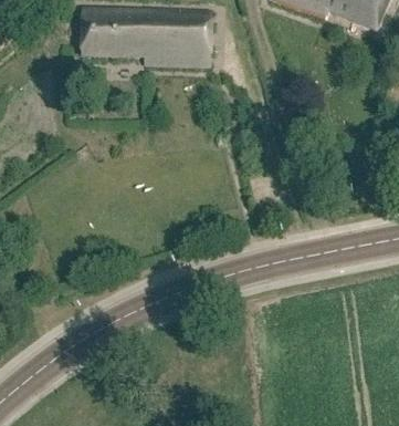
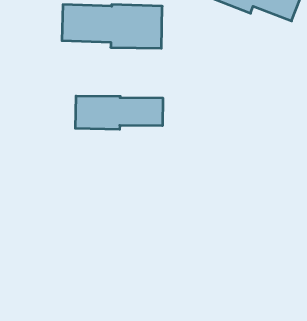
building: none -> [75,96,163,129]

